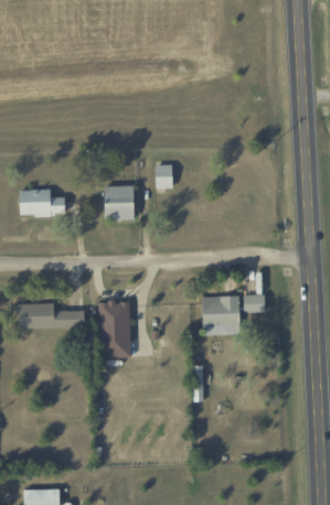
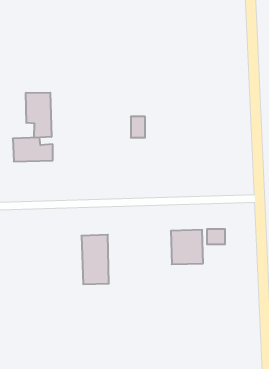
building: none -> [26,93,51,138]
building: [104,185,134,219] -> none
building: [18,303,84,327] -> none

